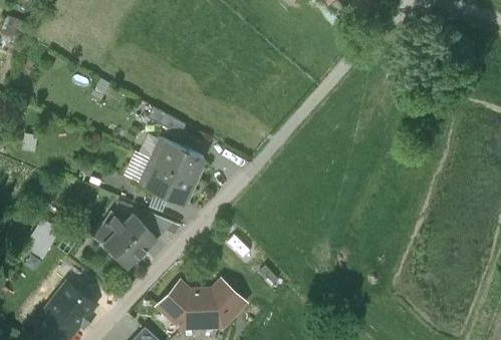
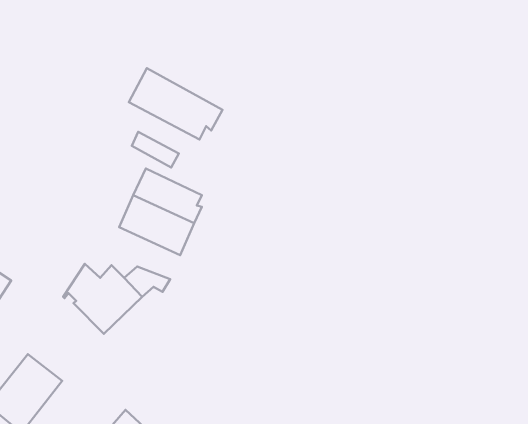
building: none -> [129,68,223,139]
building: [159,281,244,327] -> none

